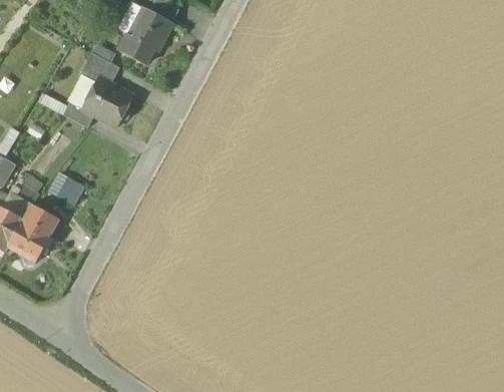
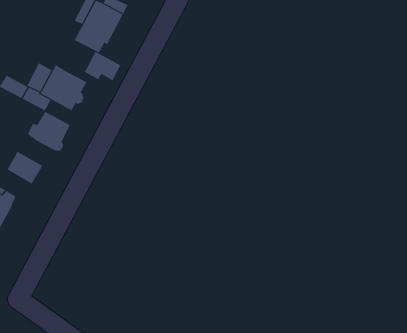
building: [80,52,120,84] -> [84,51,121,81]
building: none -> [27,111,71,152]

